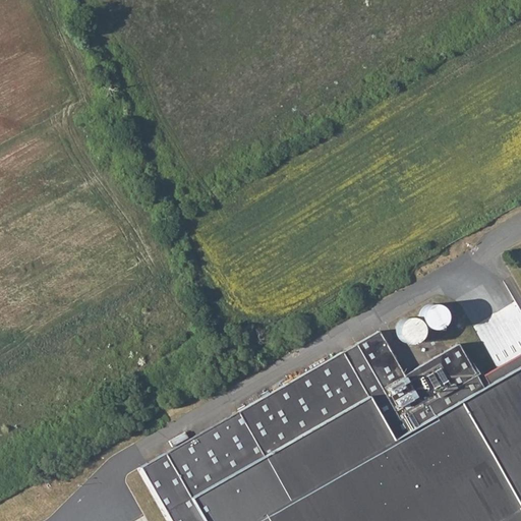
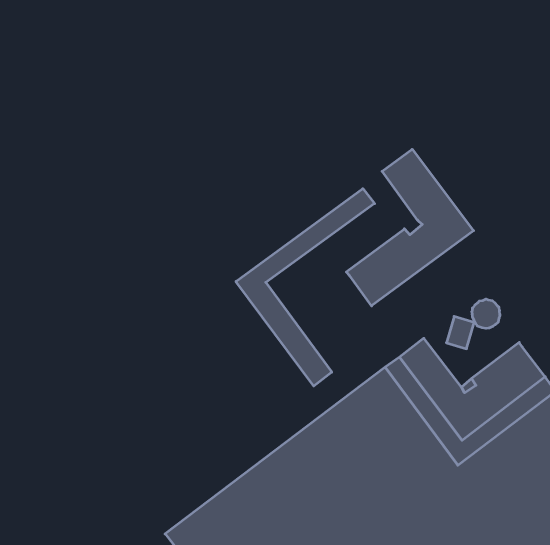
building: none -> [346,149,474,306]
building: none -> [236,189,375,386]

